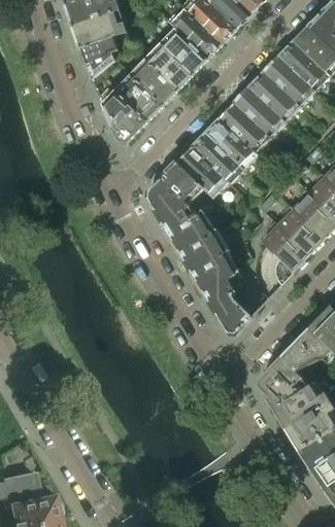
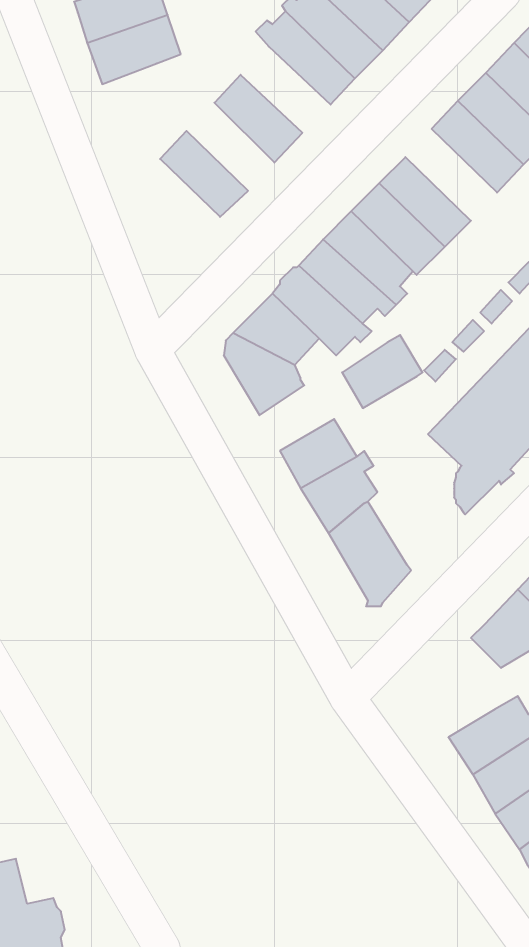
building: [159,26,208,73] -> none
building: [82,35,118,76] -> none
building: [129,57,177,105] -> none
building: [249,71,300,121] -> none
building: [102,87,147,140] -> none
building: [169,208,213,248] -> [342,335,423,408]
building: [260,351,303,406] -> none

